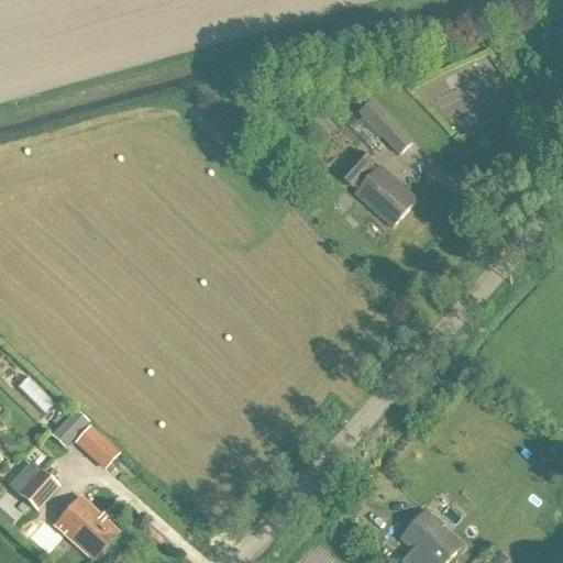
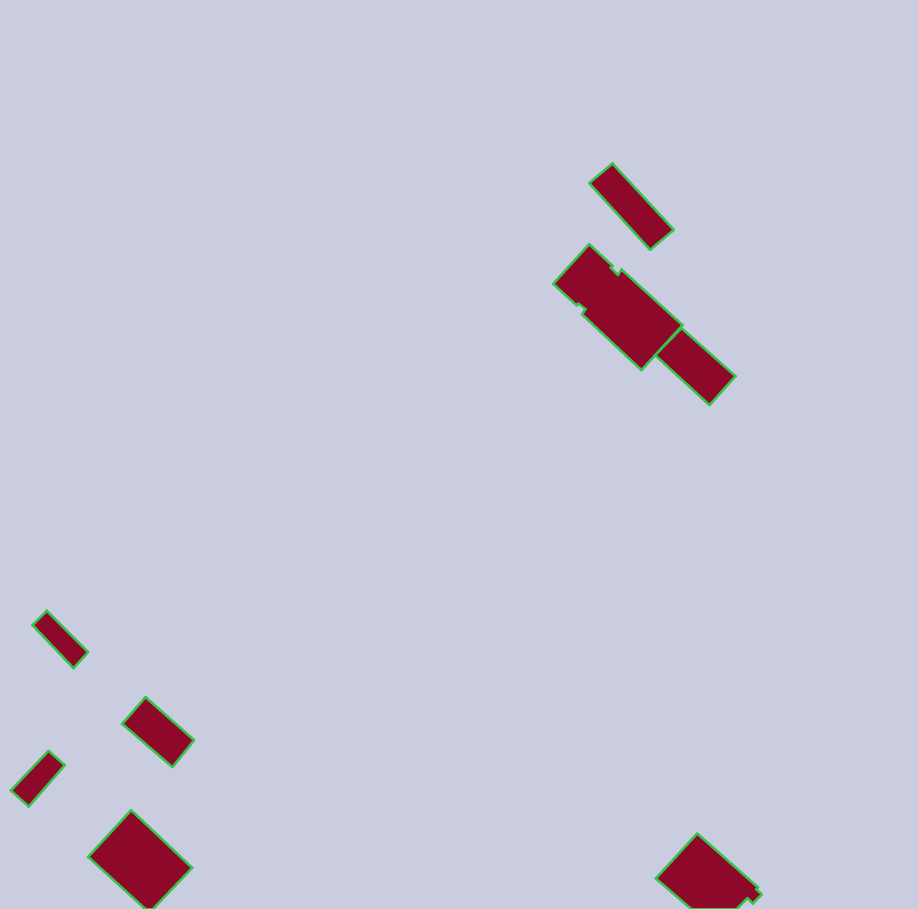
building: none -> [655,328,736,405]
building: [49,408,88,448] -> none
building: [18,468,58,510] -> none

